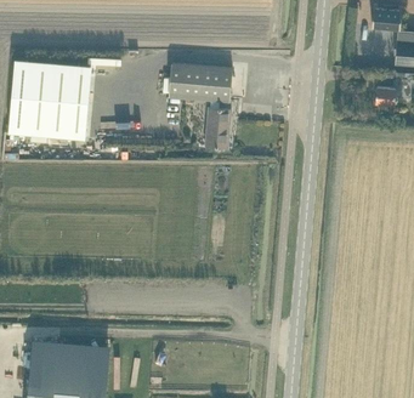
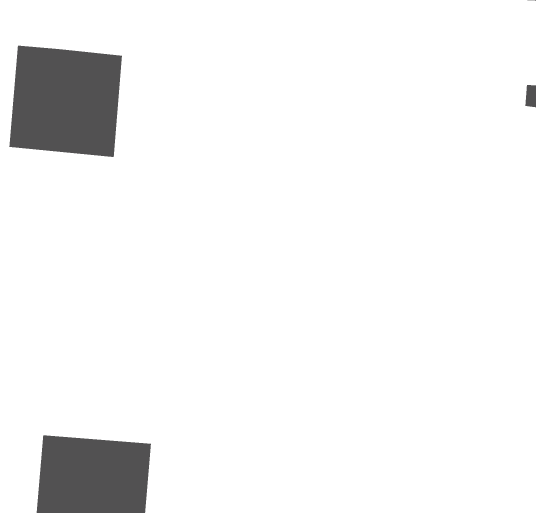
building: [169,64,232,150] -> none

